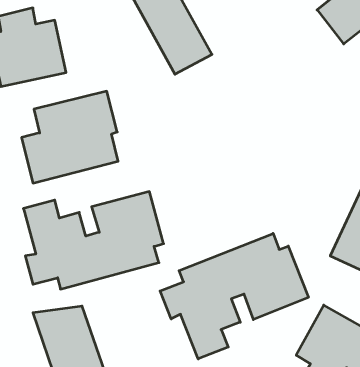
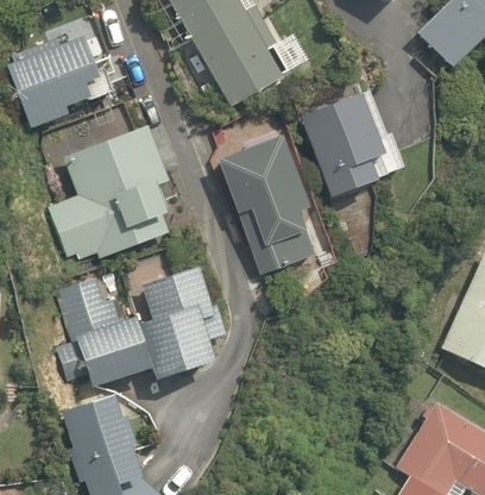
building: none -> [298,92,393,194]
building: none -> [215,137,328,283]
building: [160,233,308,359] -> none

